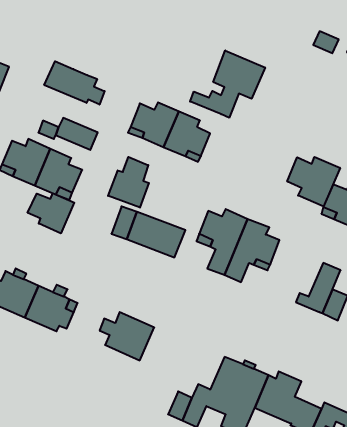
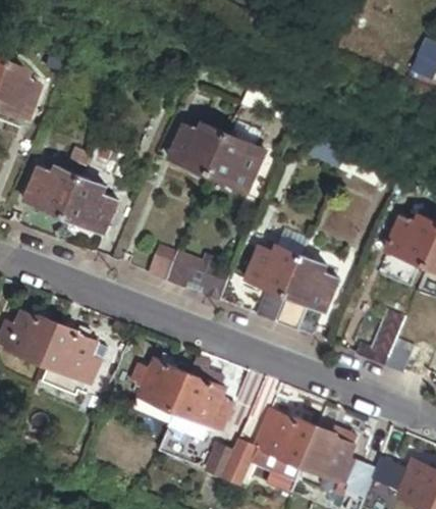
building: [190,50,265,118] -> none
building: [44,61,105,105] -> none
building: [287,157,340,206] -> none
building: [108,157,149,208] -> none
building: [28,193,74,233] -> none
building: none -> [179,363,239,435]

